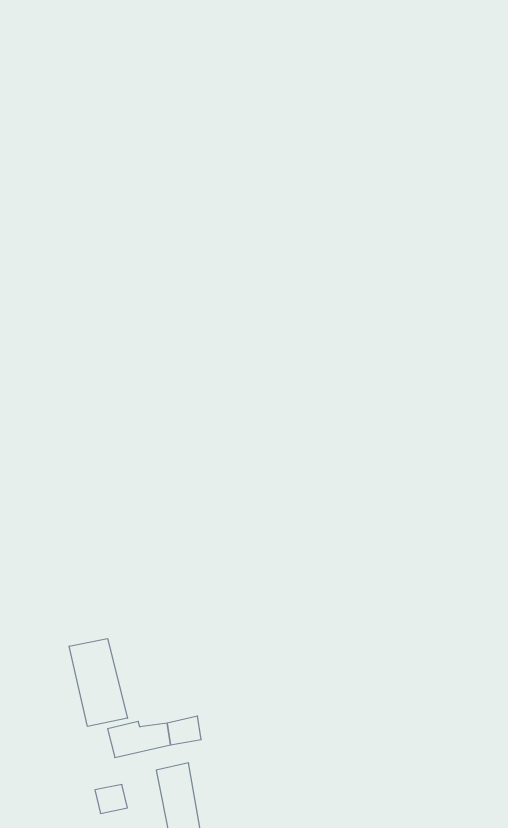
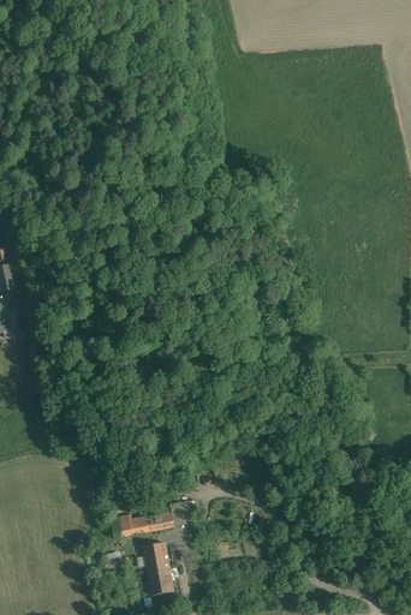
building: [69,639,128,726] -> none

